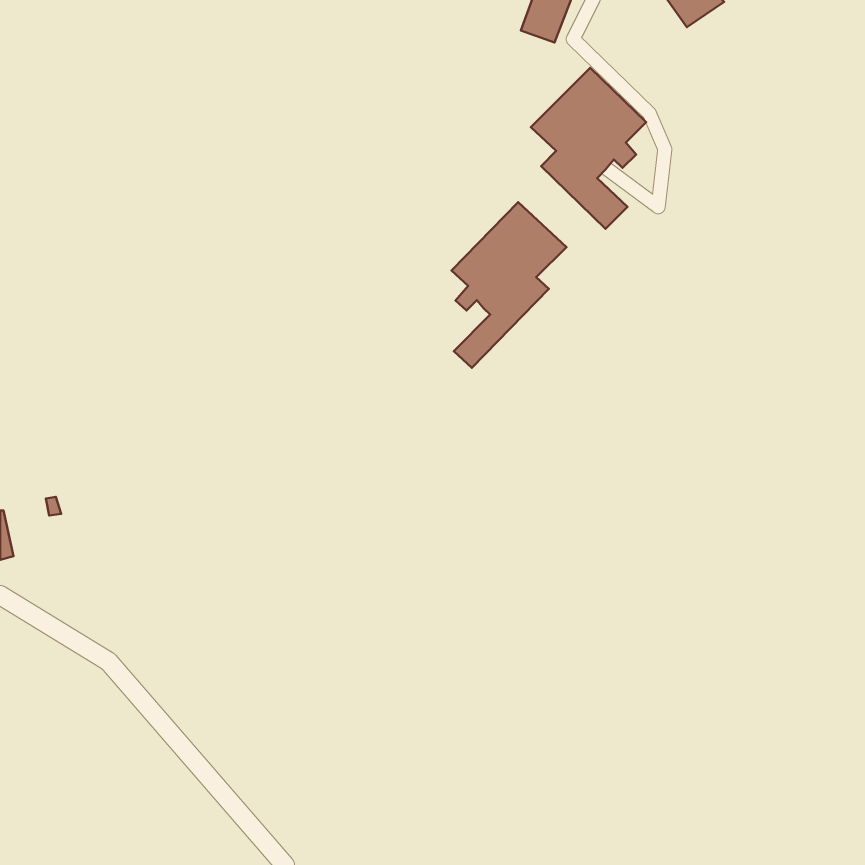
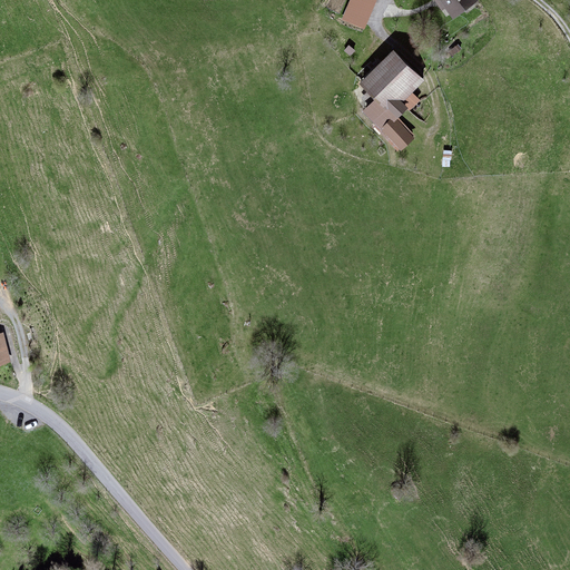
building: [452,202,566,368] -> none

